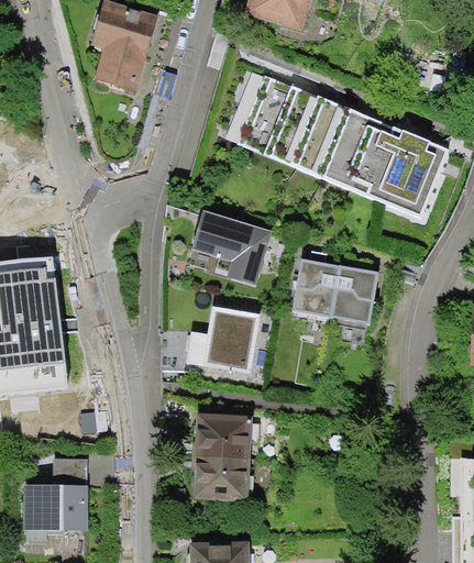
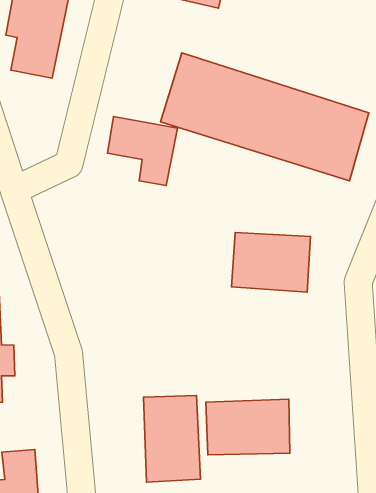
building: [196,212,267,285] -> [107,116,177,185]
building: [187,307,257,371] -> none
building: none -> [206,399,290,455]

